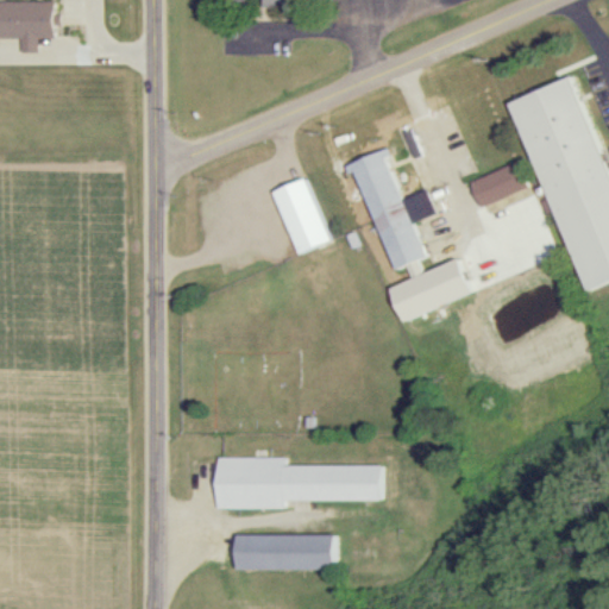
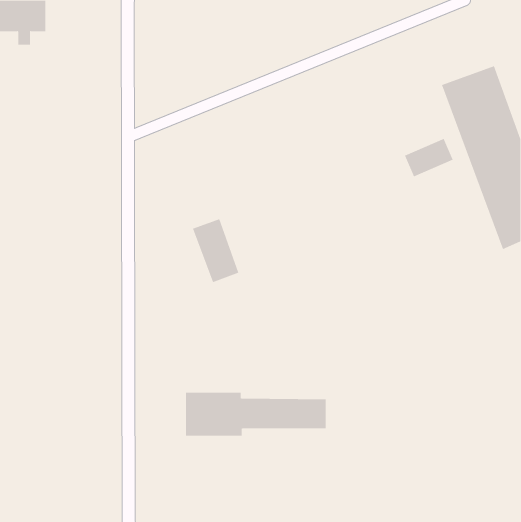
building: [352,151,472,320] -> none
building: [272,178,327,253] -> [192,218,239,283]
building: [236,535,334,570] -> none

